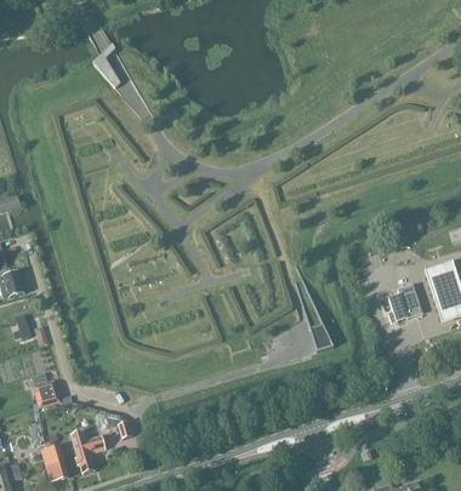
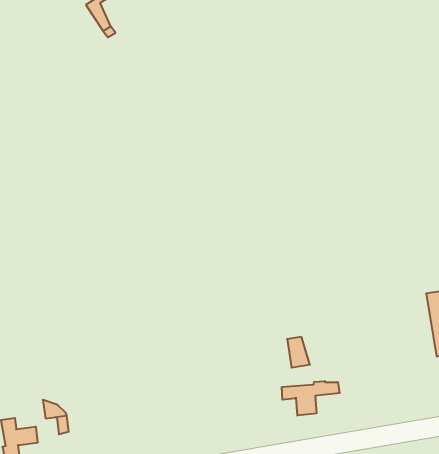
building: [388,285,420,322] -> none
building: none -> [282,381,340,416]

